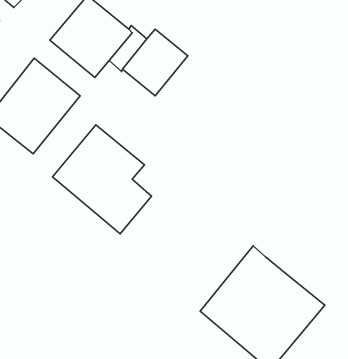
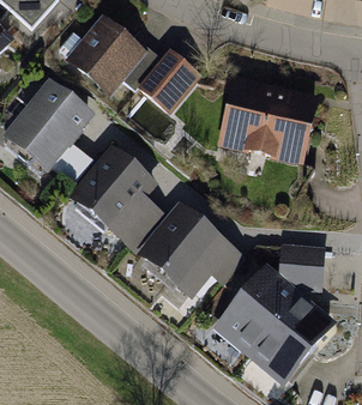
building: none -> [217,77,321,168]
building: none -> [135,202,247,301]
building: none -> [278,244,326,294]

